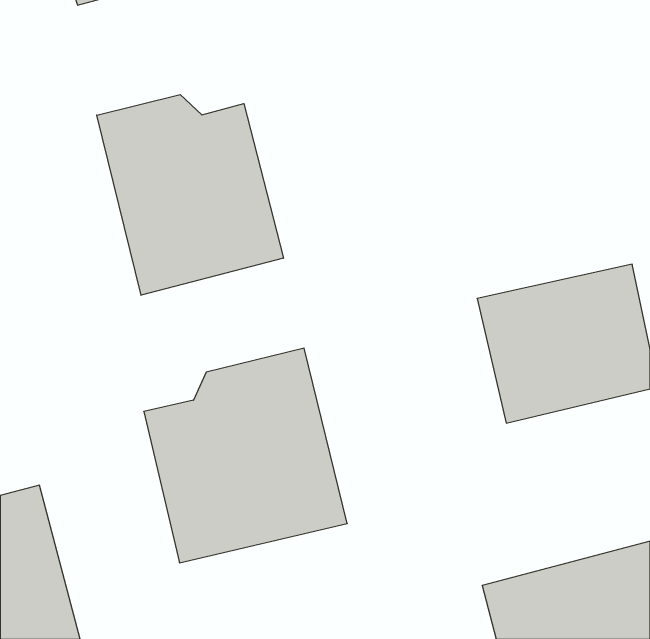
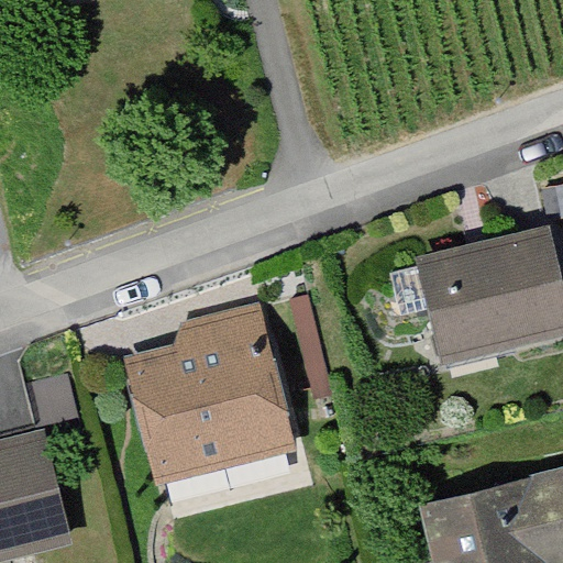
building: [97,95,283,295] -> none

